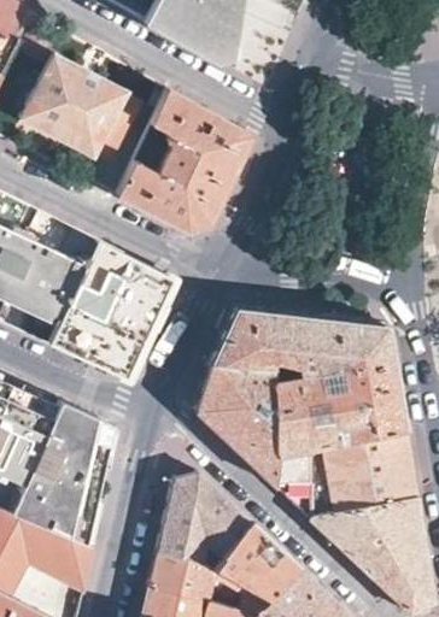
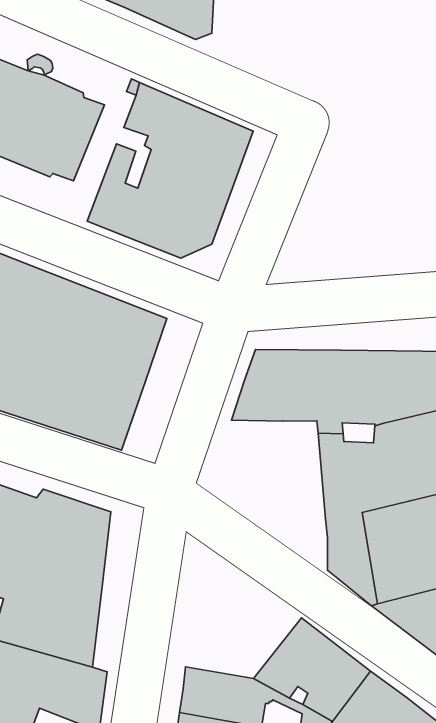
building: [194,362,277,486] -> none
building: [156,471,250,564] -> none

